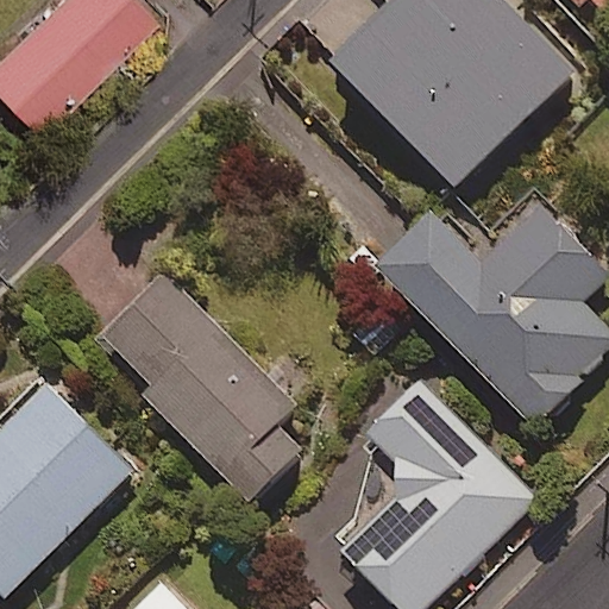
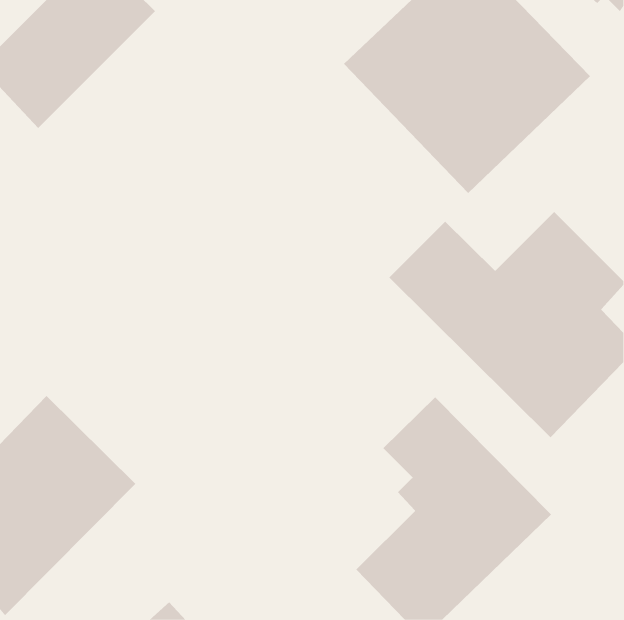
building: [99,275,303,501] -> none

